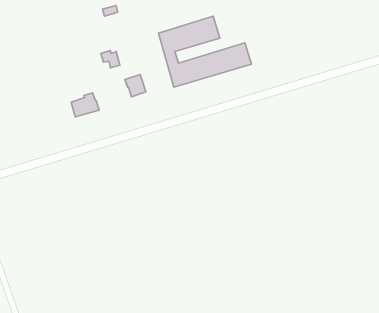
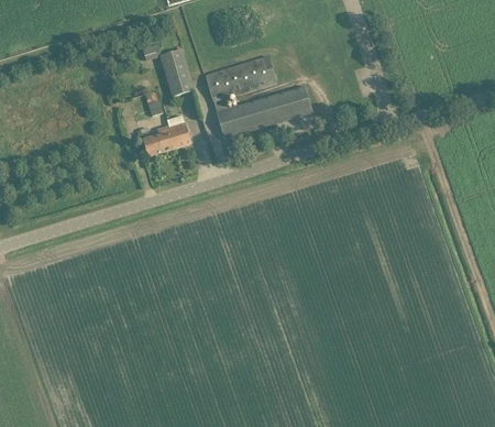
building: none -> [160,47,193,95]
building: [71,93,99,117] -> [142,128,174,155]

